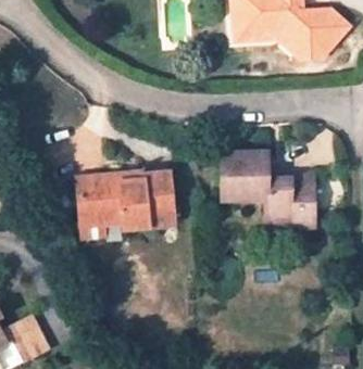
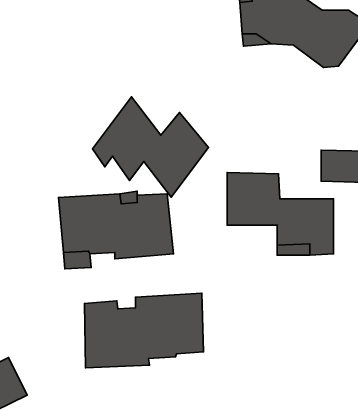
building: none -> [93,97,208,197]
building: none -> [84,293,204,368]

